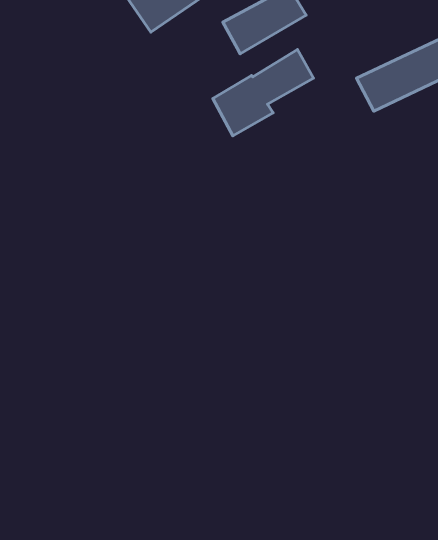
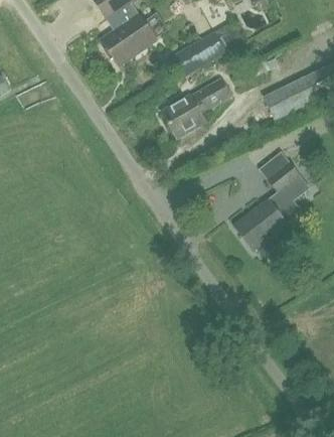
building: none -> [234,161,309,256]

